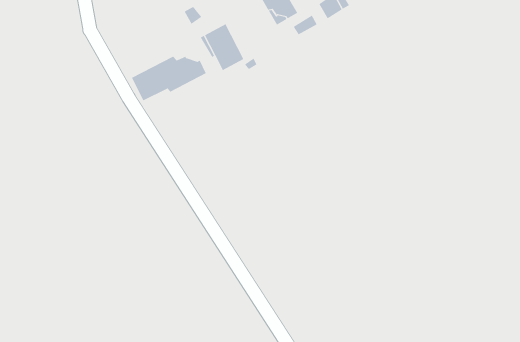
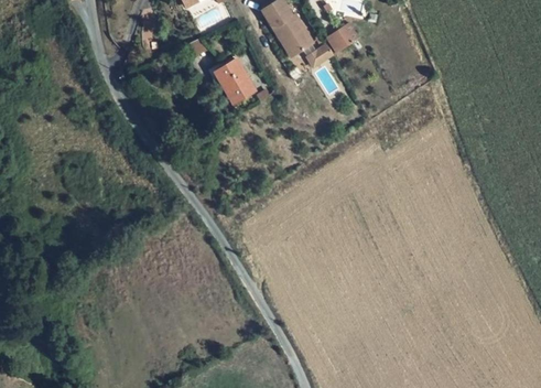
building: [131,56,207,101] -> none

